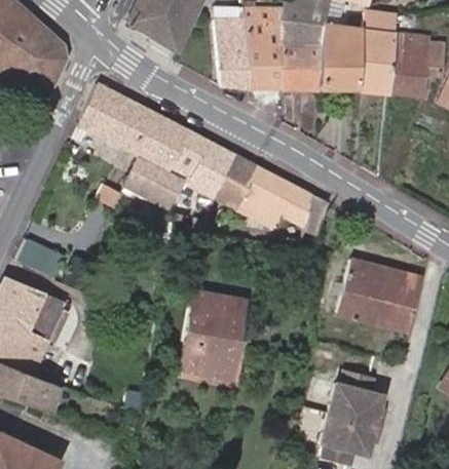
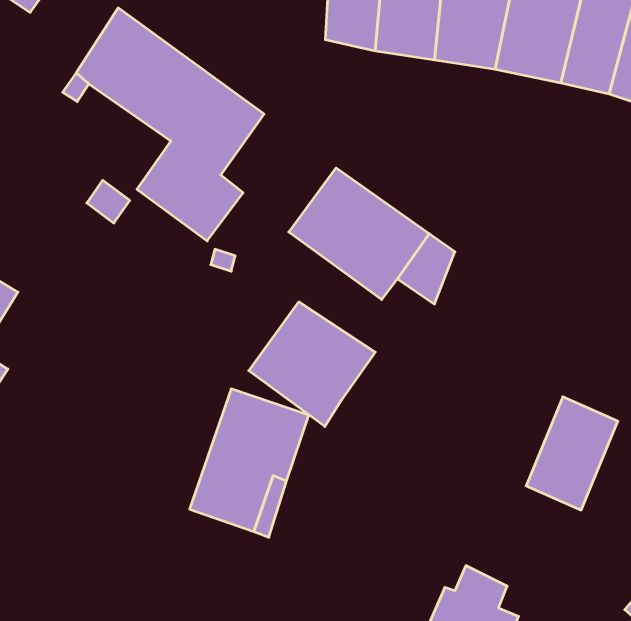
building: [172,131,237,197] -> none
building: none -> [249,302,375,427]
building: [337,259,388,322] -> none

